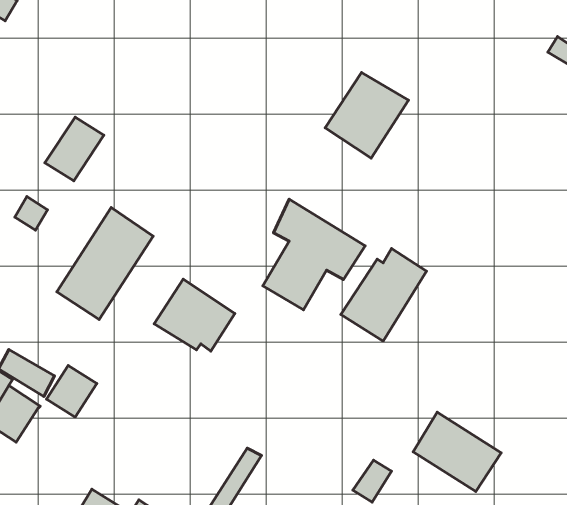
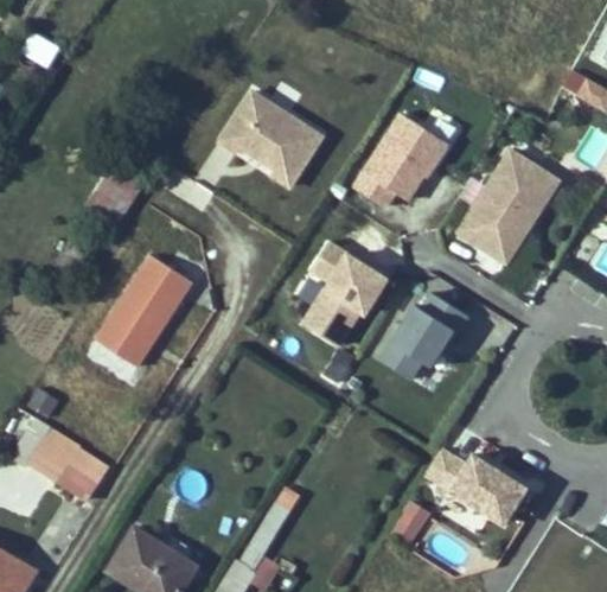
building: none -> [221,91,322,186]
building: none -> [449,148,558,268]
building: [154,279,235,351] -> none
building: [46,365,97,417] -> [58,450,108,501]

